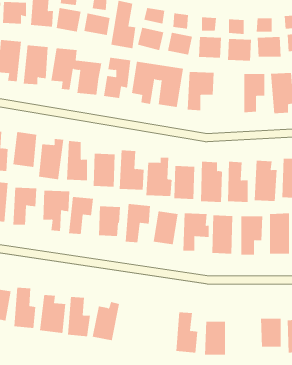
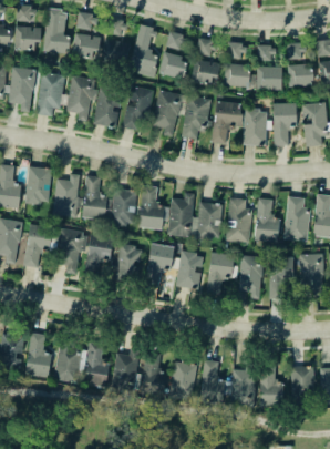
building: none -> [244,109,267,145]
building: none -> [141,351,167,396]
building: none -> [169,360,198,399]
building: none -> [260,369,283,406]

